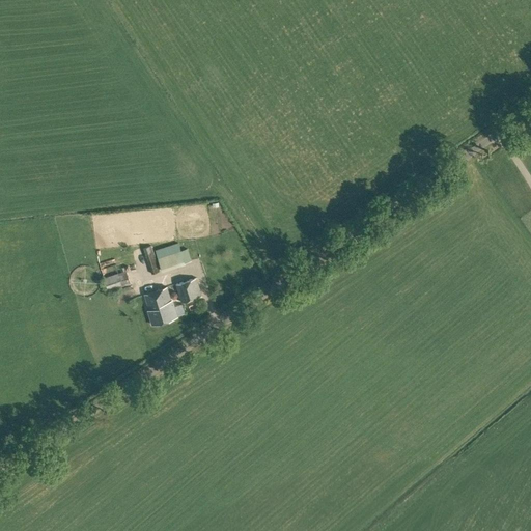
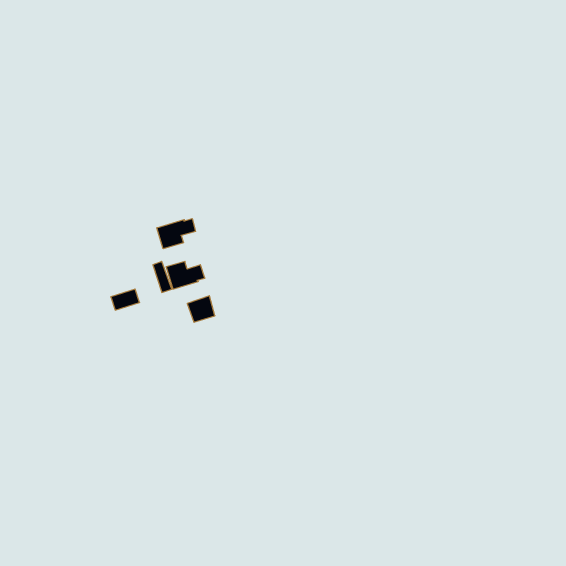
building: none -> [157,219,196,249]
building: [144,287,177,325] -> none

